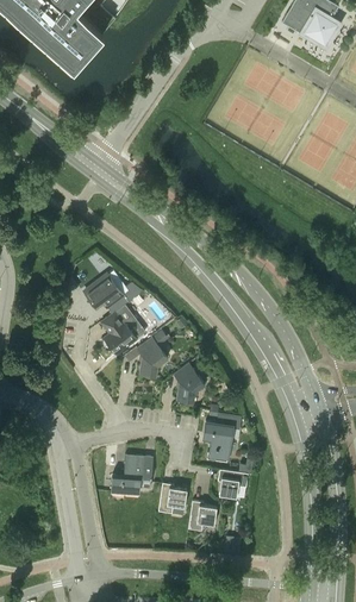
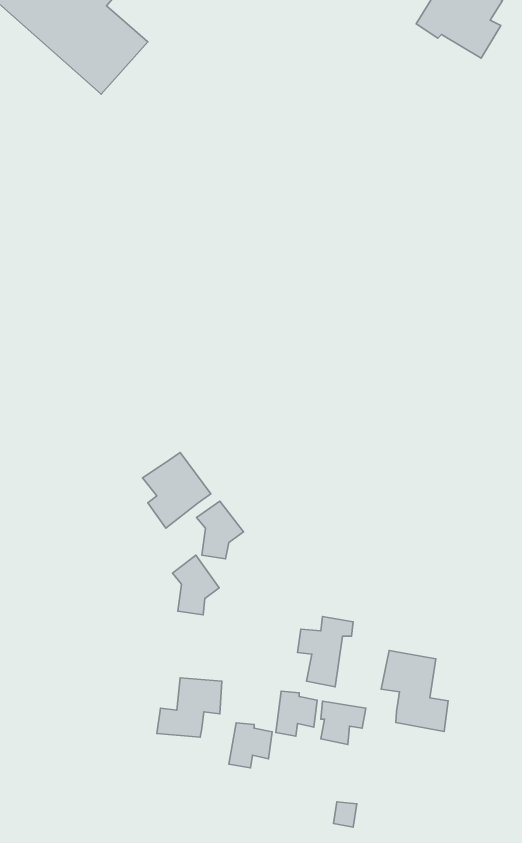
building: [83,274,129,312] -> none
building: [173,365,204,405] -> [172,555,219,615]
building: none -> [381,651,448,731]
building: [188,504,216,534] -> [276,691,317,736]

